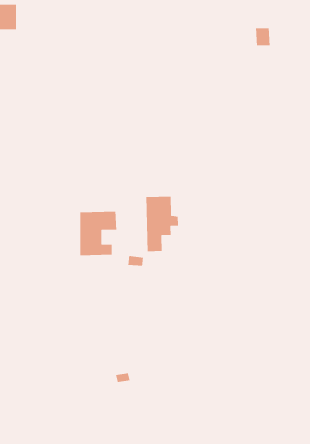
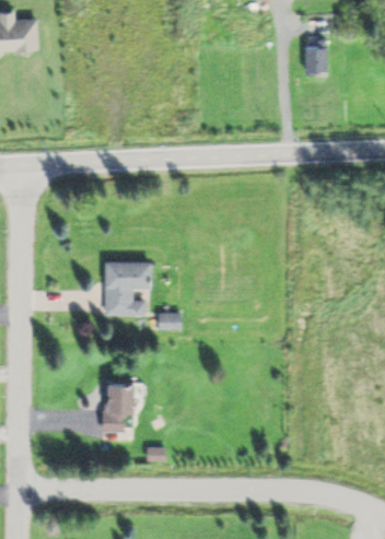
building: [145,196,179,252] -> none
building: none -> [104,383,130,432]

